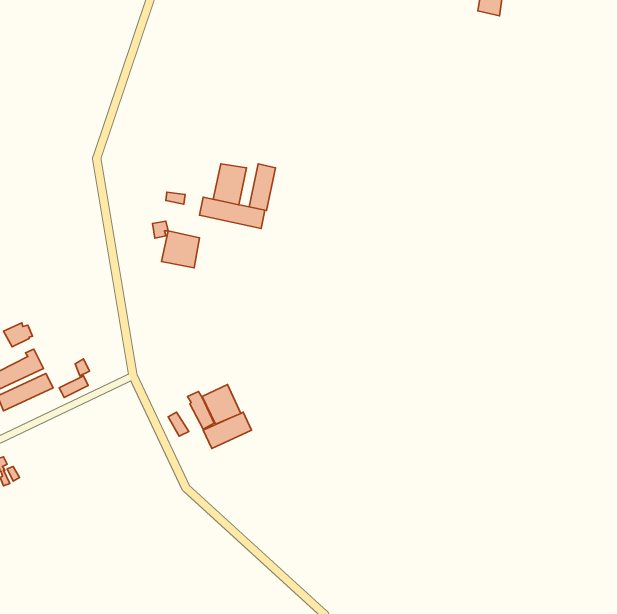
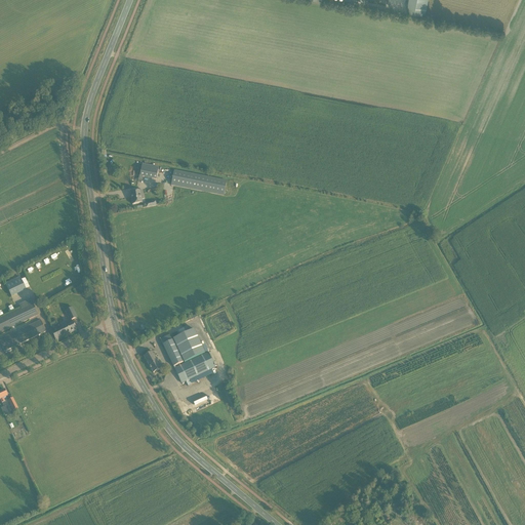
building: [213,164,246,205] -> none
building: [249,164,276,211] -> none
building: [162,231,200,268] -> none

